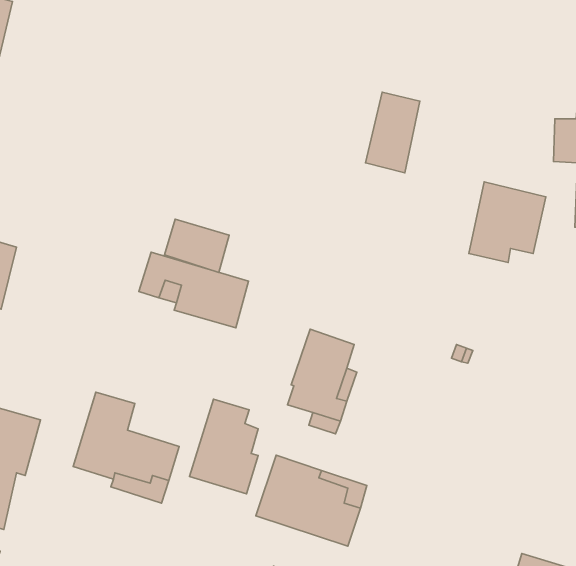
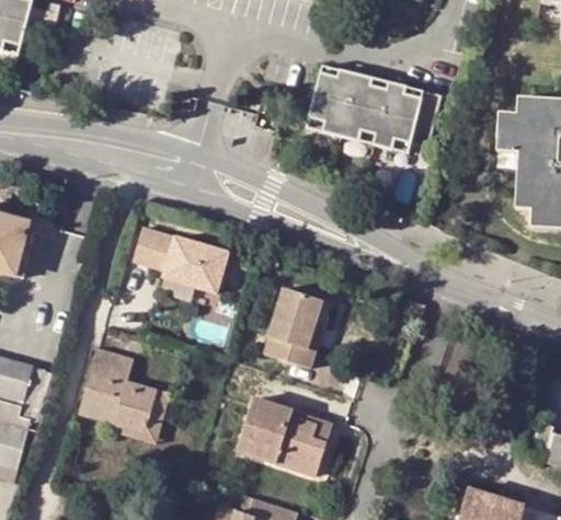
building: none -> [298,76,347,146]
building: [469,182,546,262] -> [367,92,434,162]
building: [165,219,229,272] -> none
building: [190,399,258,494] -> none

